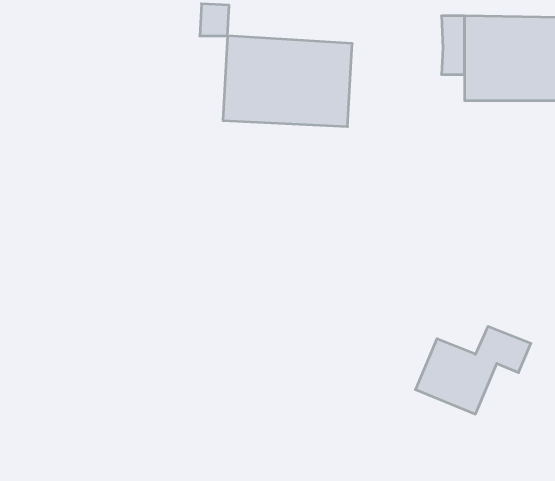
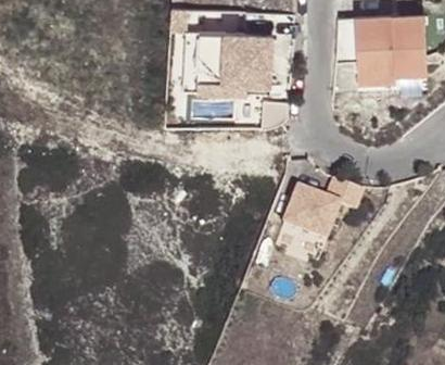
building: [415,327,531,414] -> [276,184,357,246]

